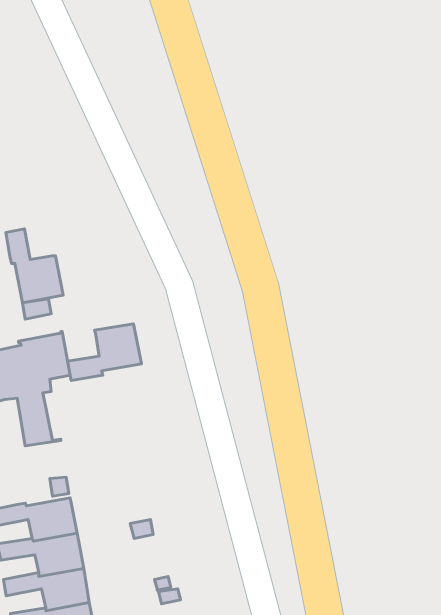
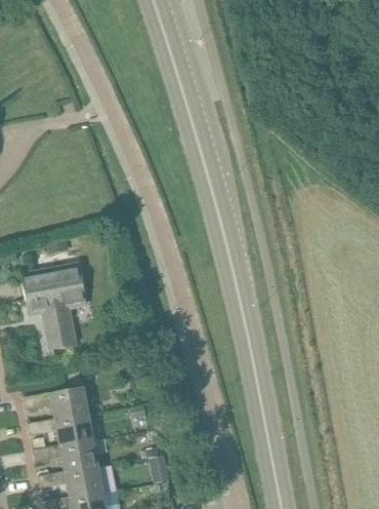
building: [6,229,63,303] -> none
building: [68,324,141,380] -> none

